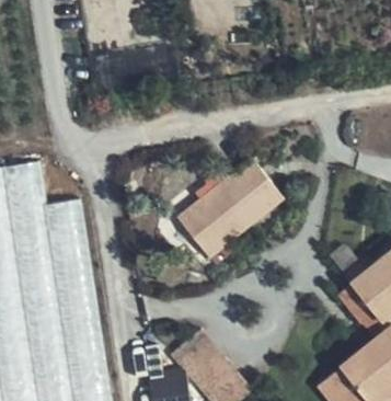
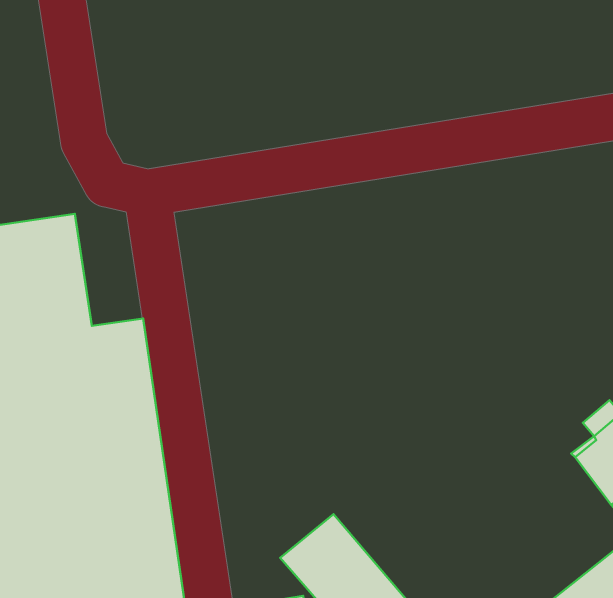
building: [175,161,281,260] -> none

